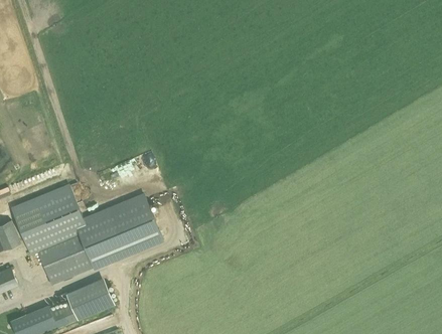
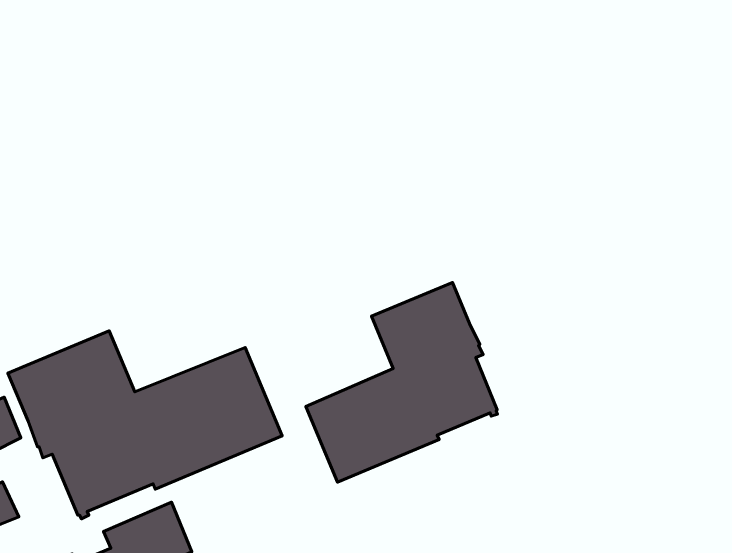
building: none -> [306,282,497,482]

